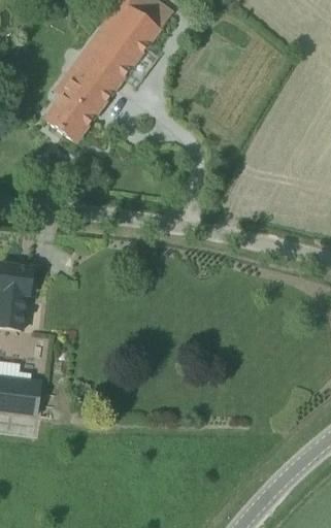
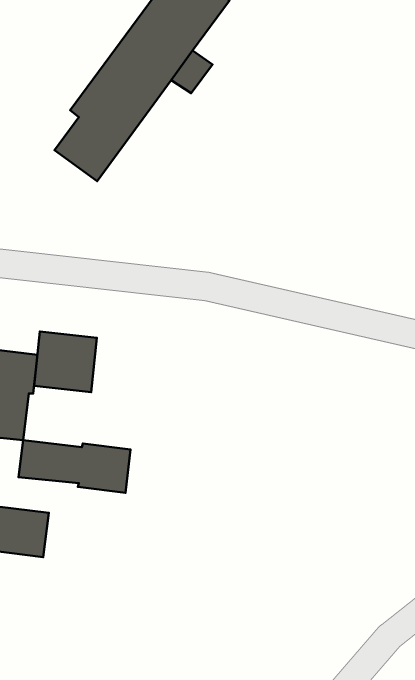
building: none -> [34,332,97,392]
building: none -> [18,440,131,493]

